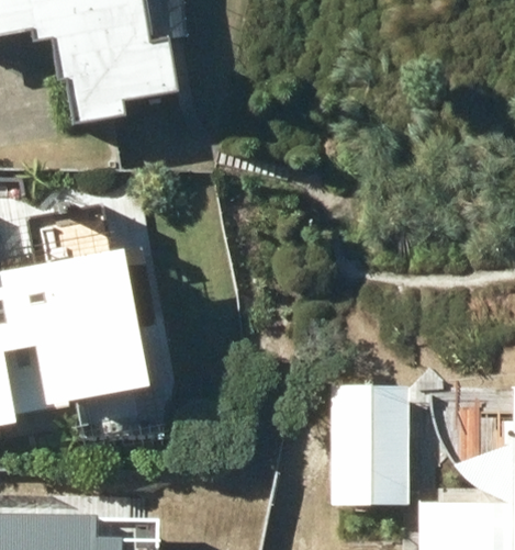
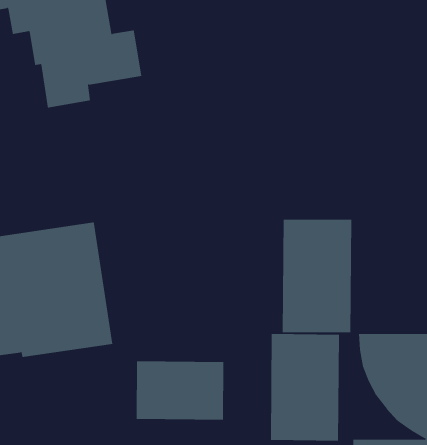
building: none -> [282,219,352,333]
building: none -> [136,361,224,420]

